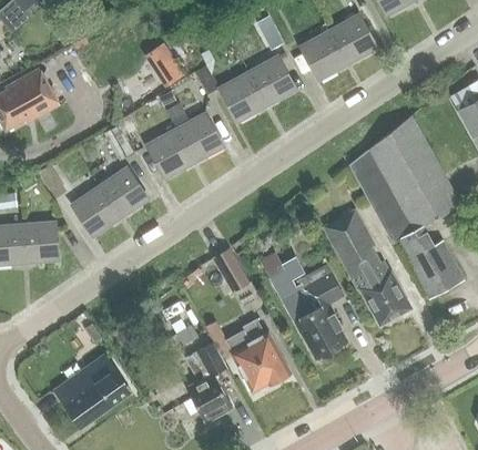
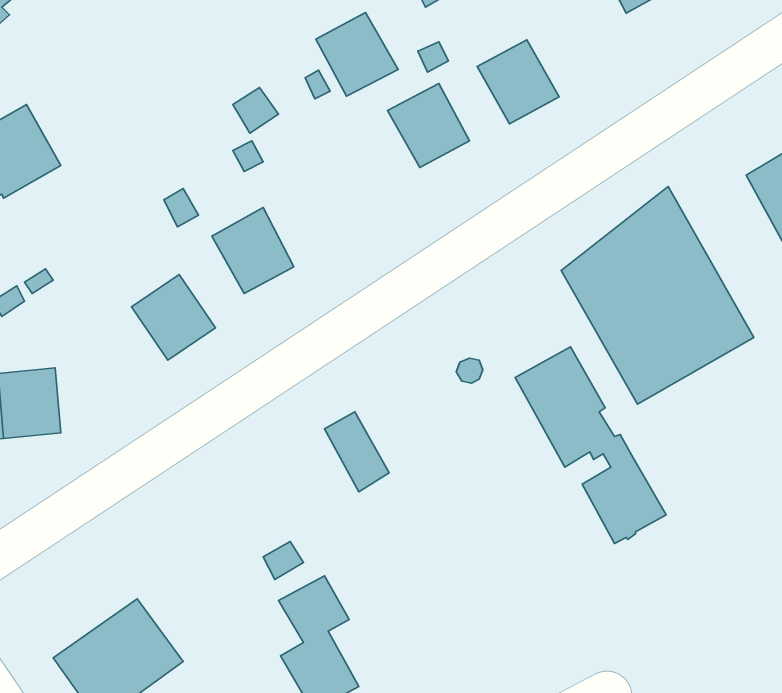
building: [329,13,377,63] -> none
building: [220,71,267,120] -> [316,12,398,96]
building: [176,112,224,162] -> none
building: [72,185,121,235] -> none
building: [396,225,464,297] -> none
building: [269,256,347,358] -> none
building: [214,318,289,388] -> none

